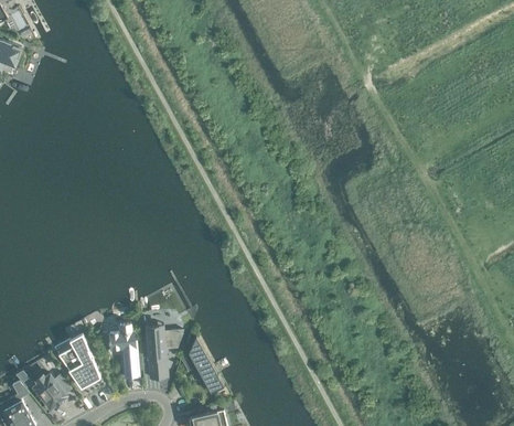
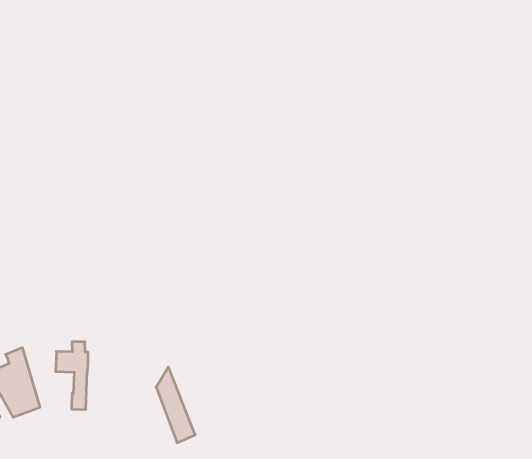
building: [146,329,182,379] -> none

